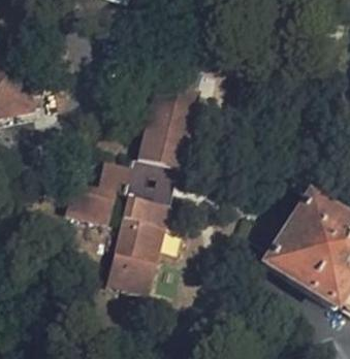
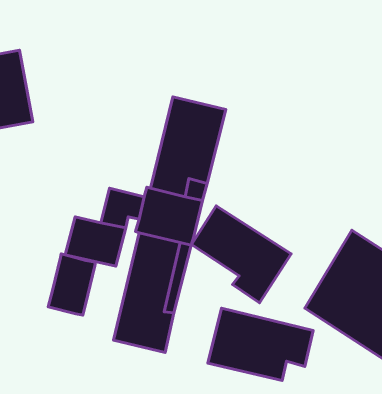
building: none -> [191,206,291,303]
building: none -> [48,254,96,315]
building: none -> [208,308,313,381]

